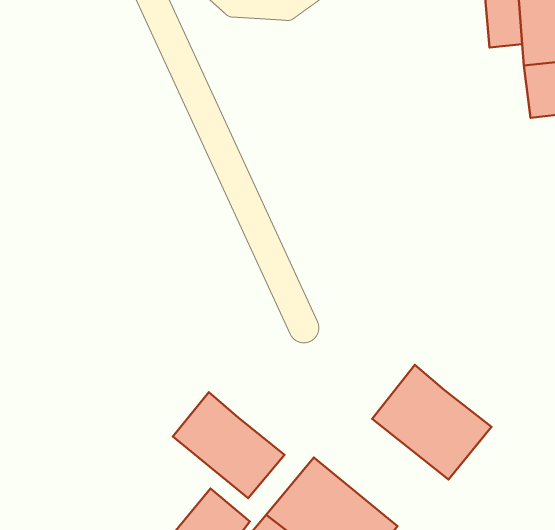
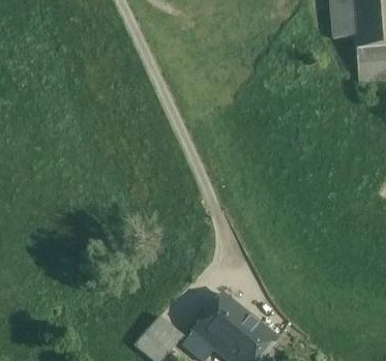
building: [372,365,492,479] -> none
building: [173,392,284,498] -> none

